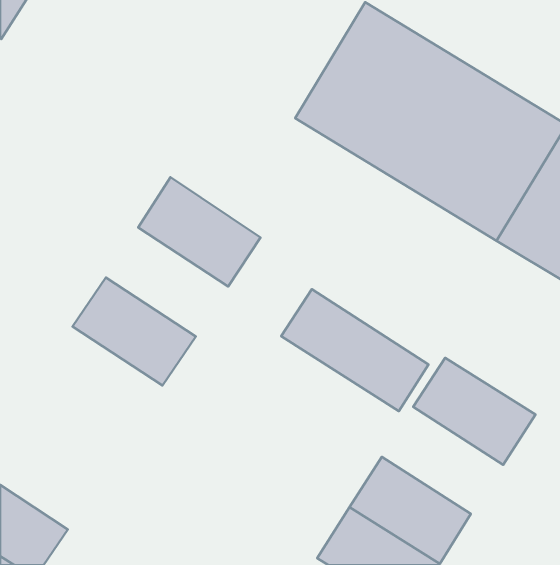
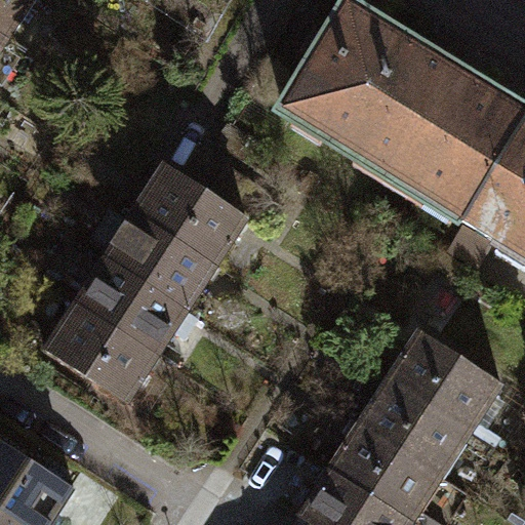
building: none -> [106,209,218,310]
building: [281,289,429,411] -> none
building: none -> [45,300,158,401]
building: none -> [360,374,472,473]

